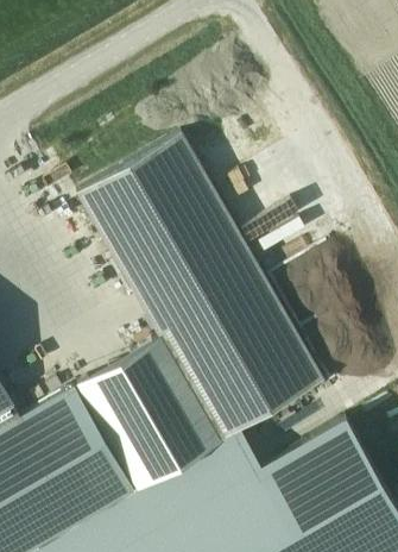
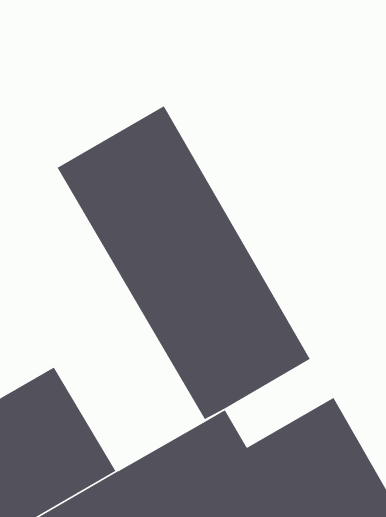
building: [76,337,219,489] -> none

